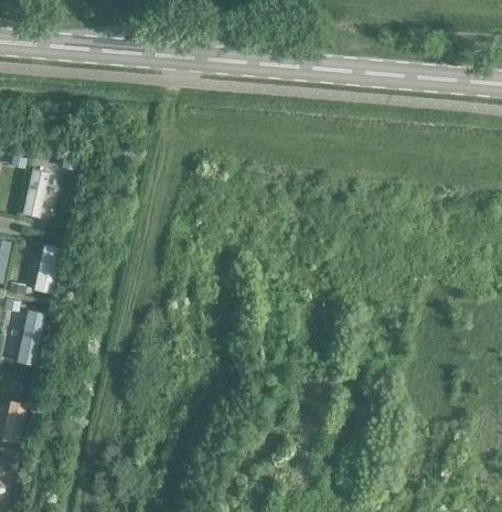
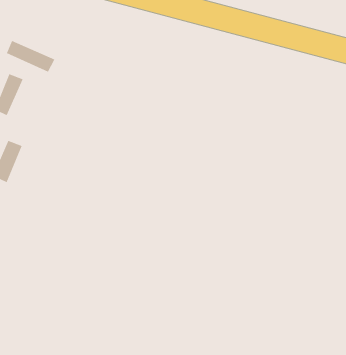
building: none -> [6,40,55,73]

